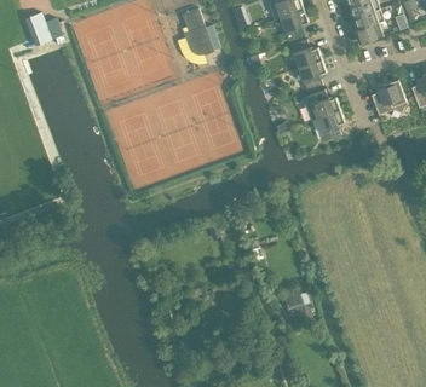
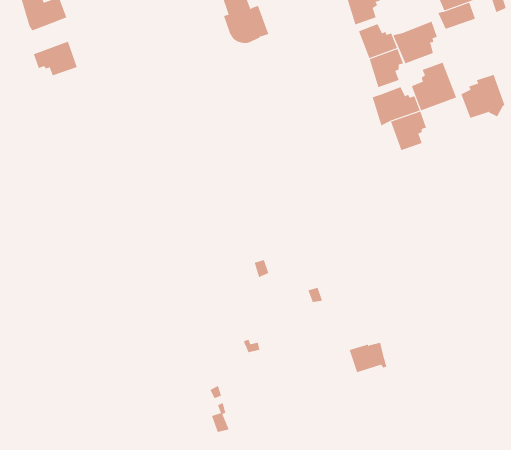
building: none -> [393,21,437,64]
building: none -> [33,41,77,76]
building: none -> [411,62,457,111]

